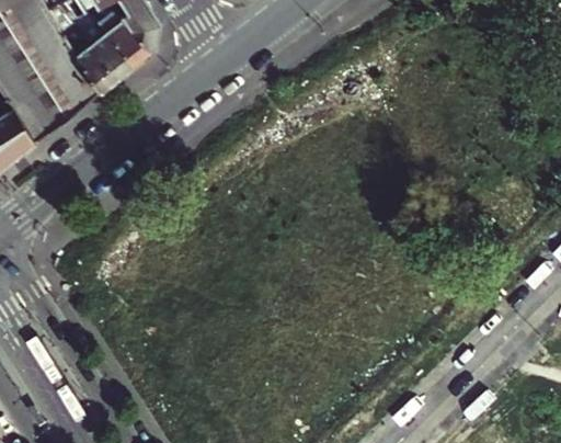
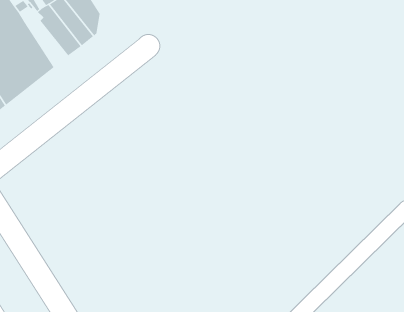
building: [53,21,108,89] -> none

